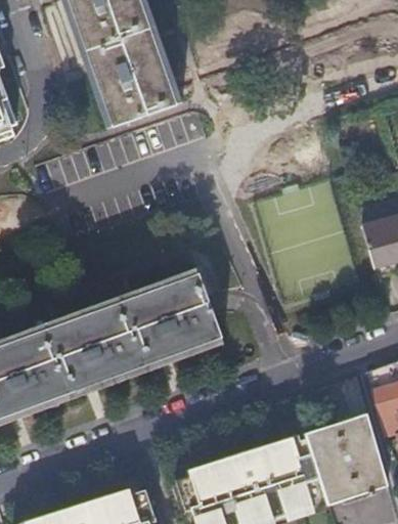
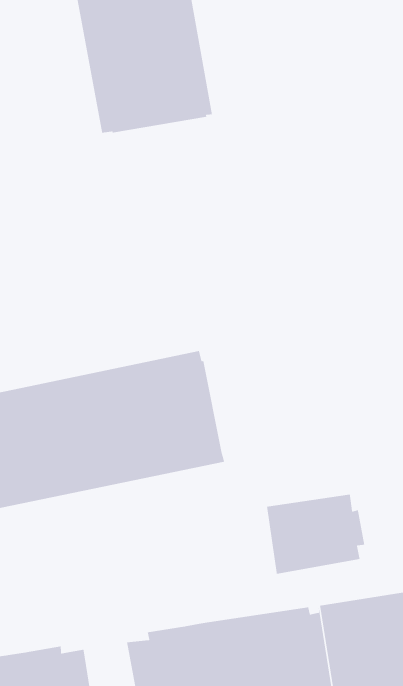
building: none -> [266,493,365,575]

